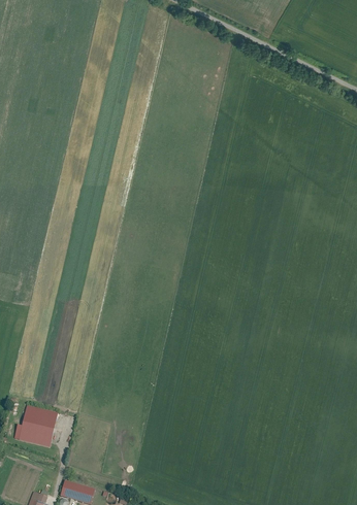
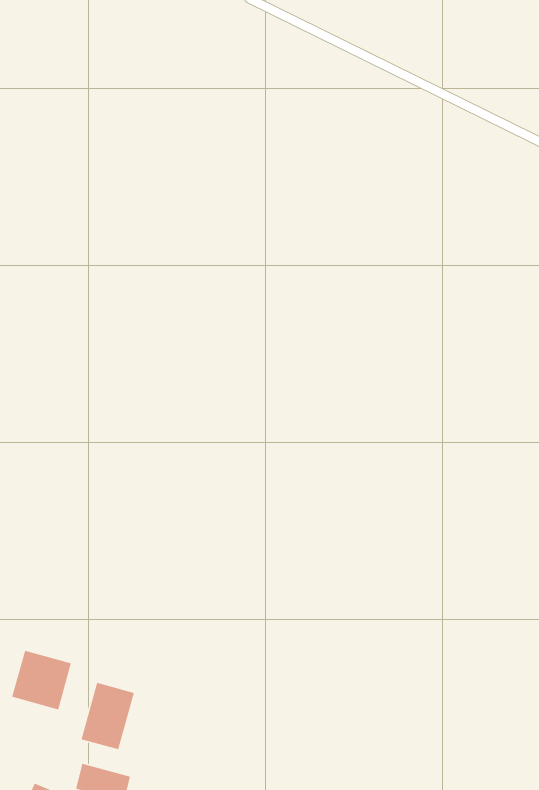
building: none -> [81,682,135,750]

